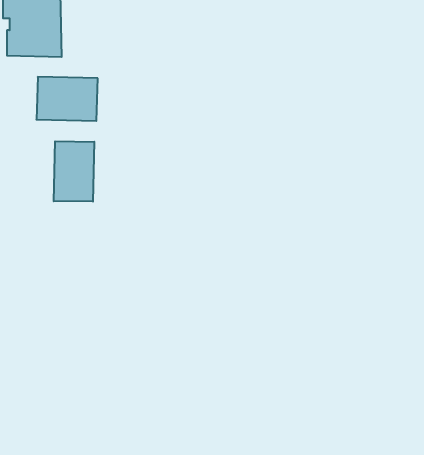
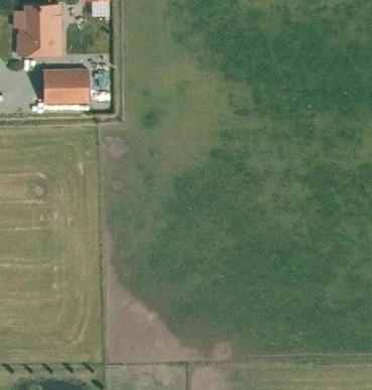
building: [54,141,94,202] -> none

